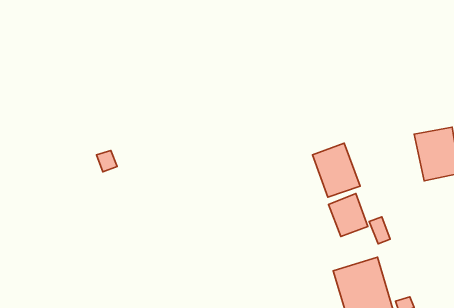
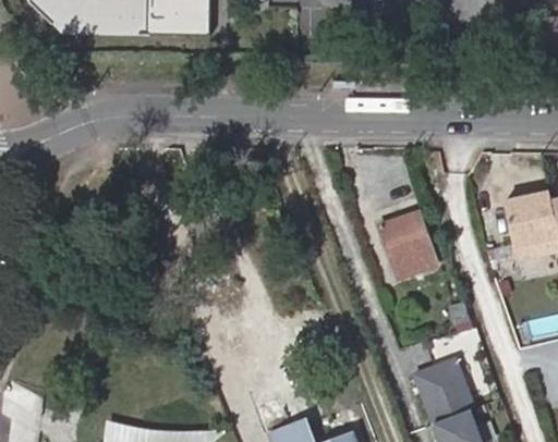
building: [329,194,368,236] -> none

